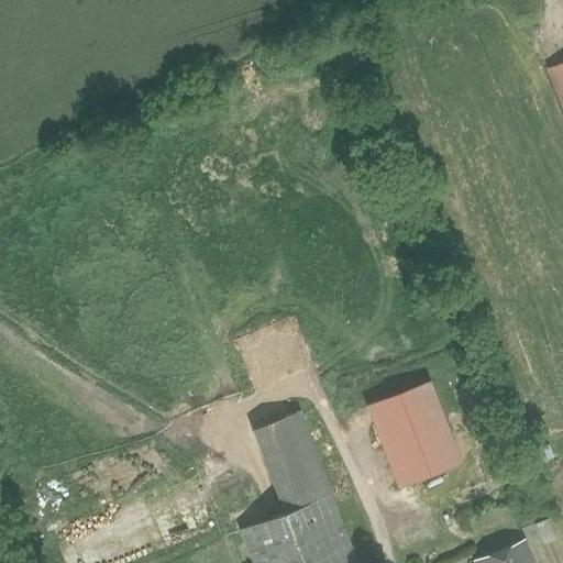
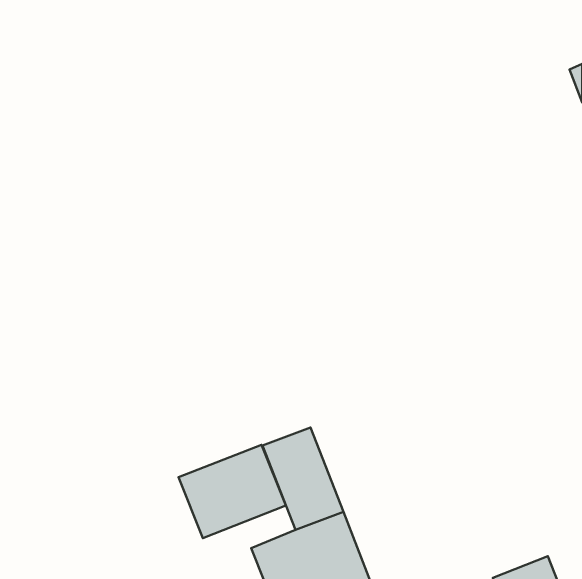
building: [368,380,465,488] -> none
building: none -> [178,445,286,538]

